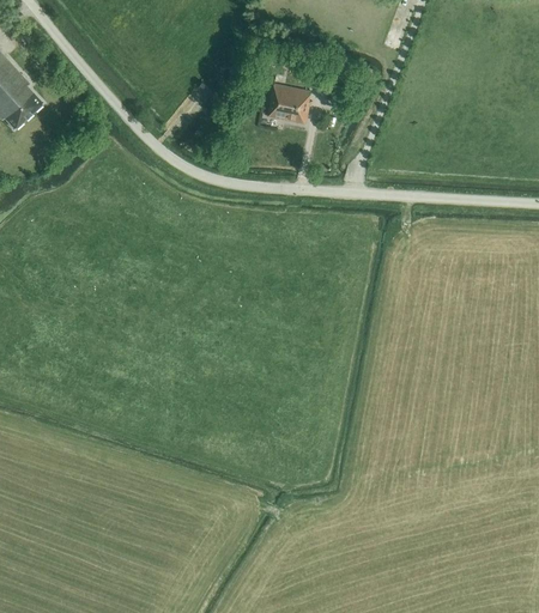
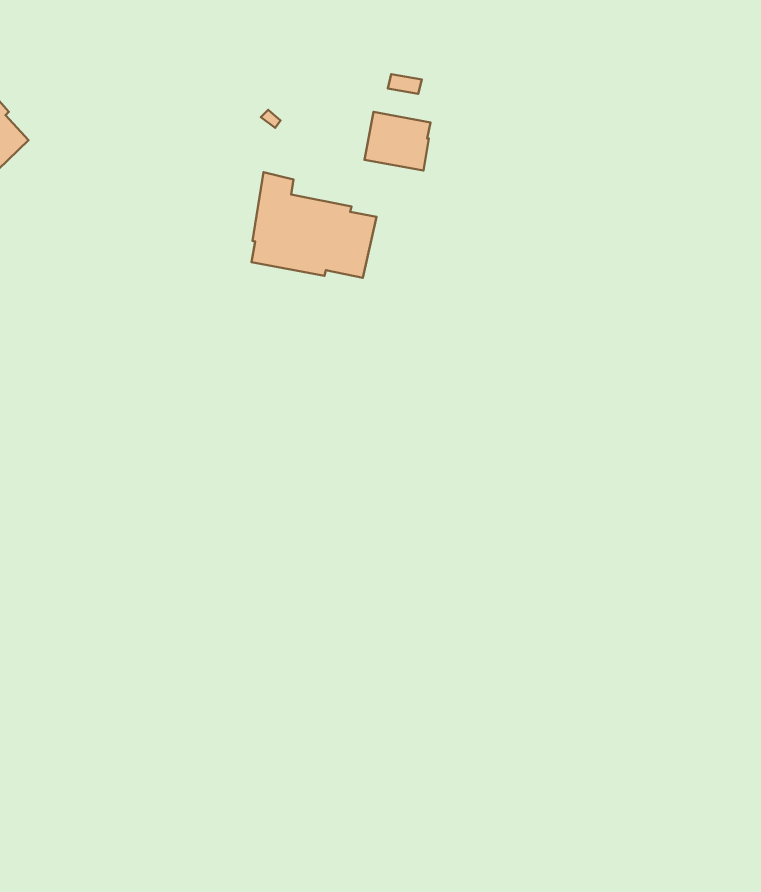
building: none -> [252,172,376,278]

